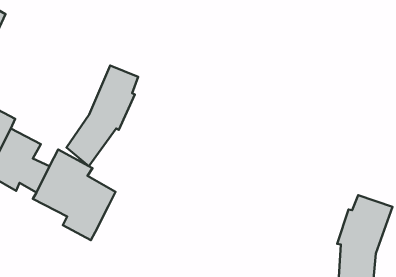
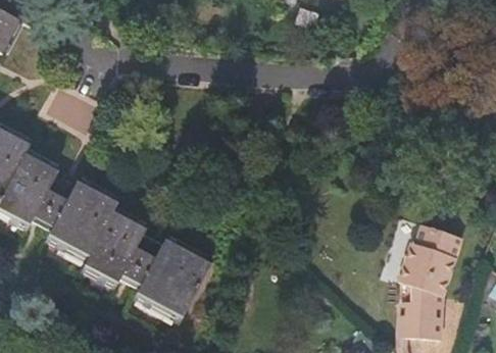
building: [67,66,138,166] -> none
building: none -> [118,236,209,319]

